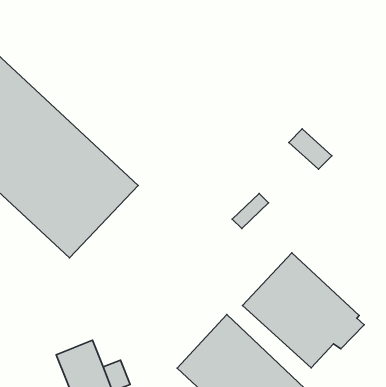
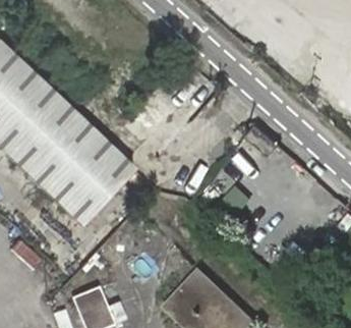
building: [243,253,364,368] -> none

